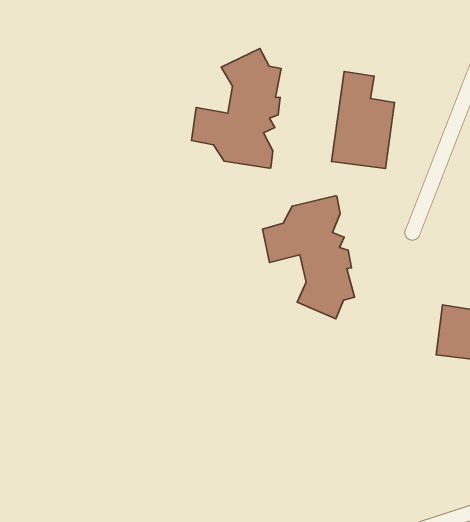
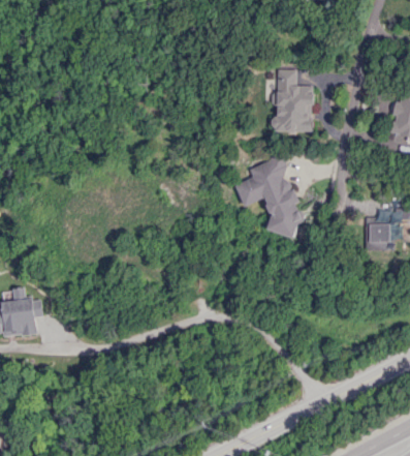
building: [192,48,281,168] -> none

